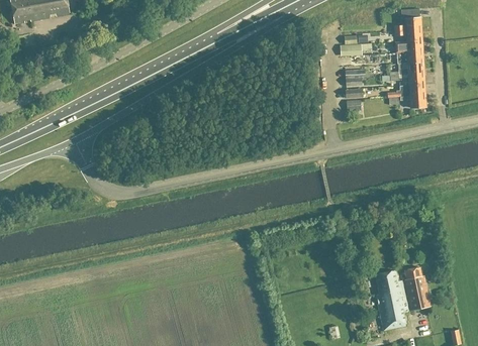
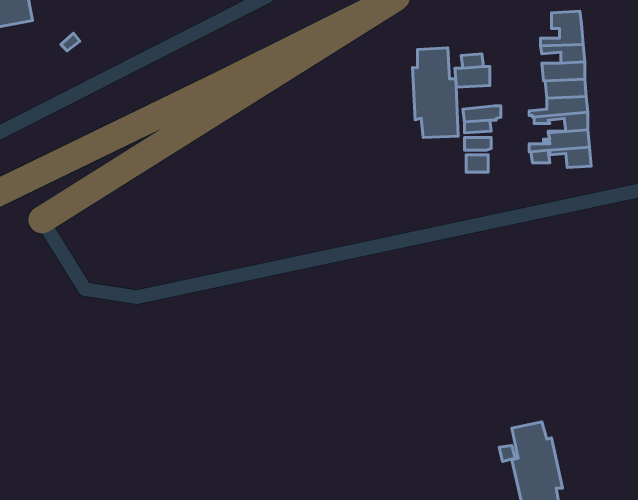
building: none -> [413,48,458,137]
building: [404,267,431,310] -> none

